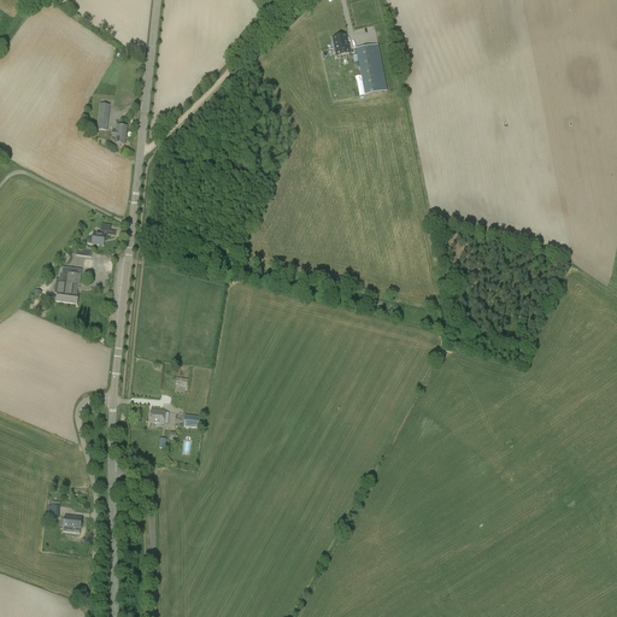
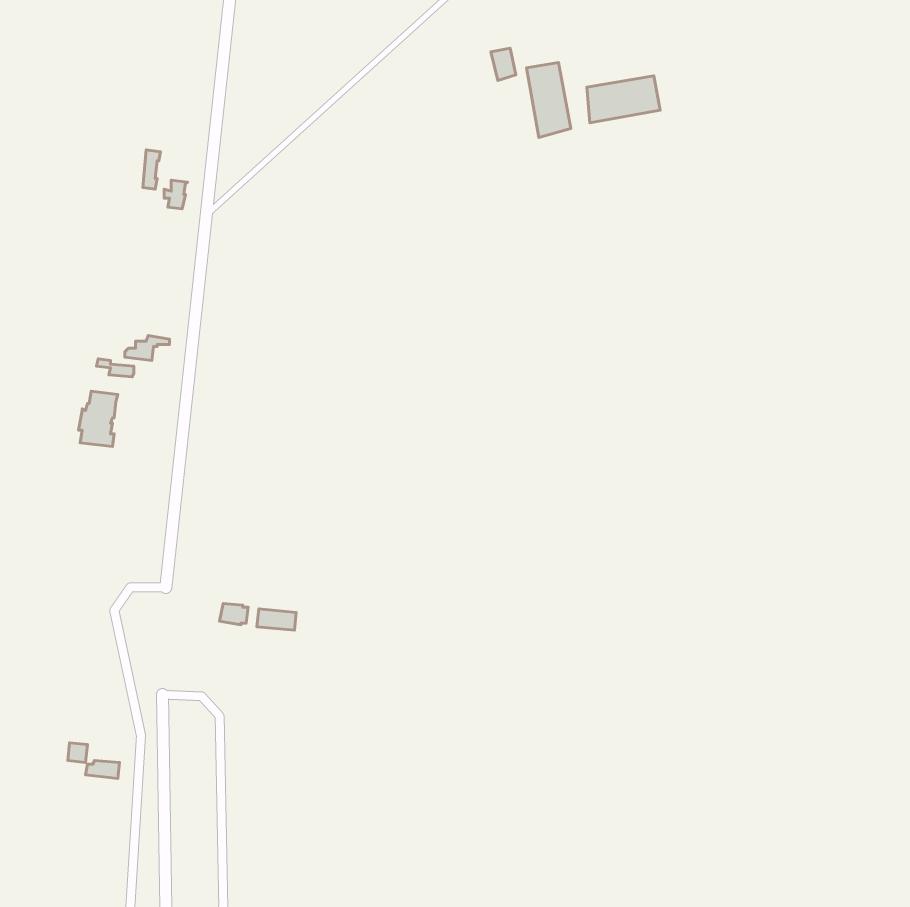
building: none -> [587,76,660,123]

